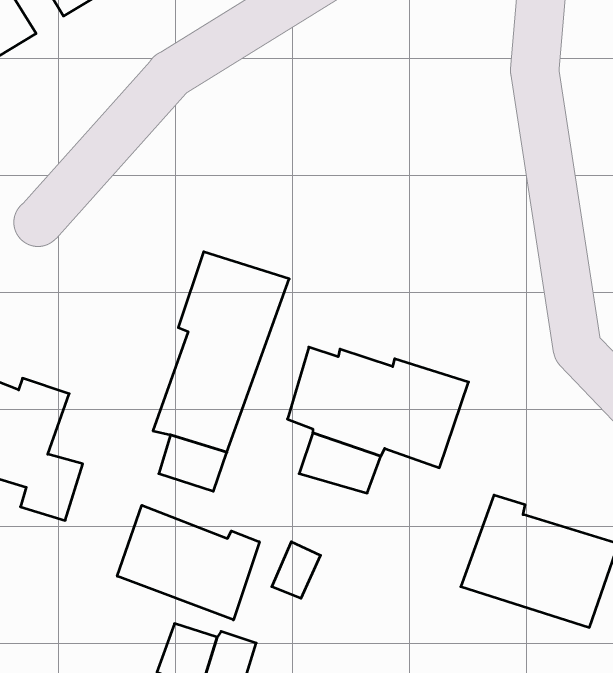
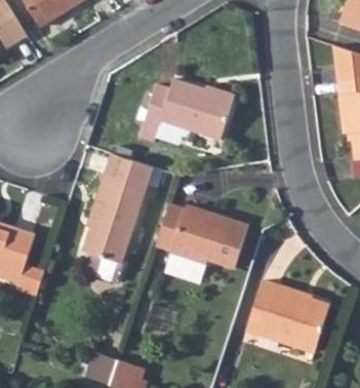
building: none -> [136,78,231,140]
building: [117,505,259,620] -> none

